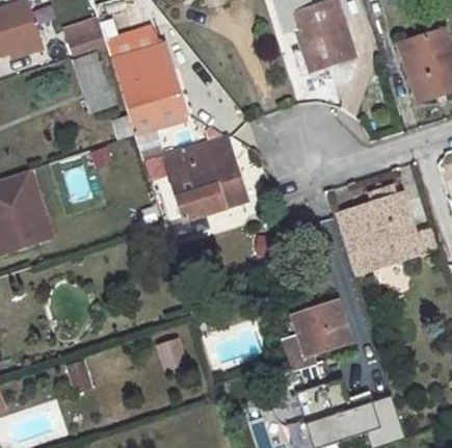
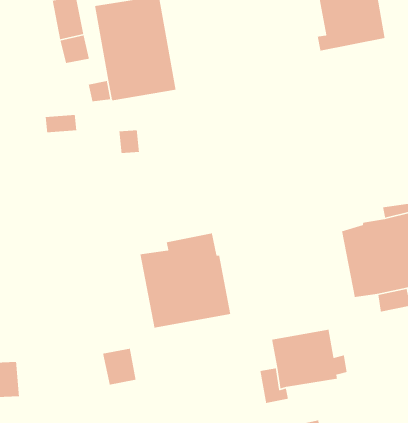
building: [165,135,247,220] -> [139,233,231,329]

